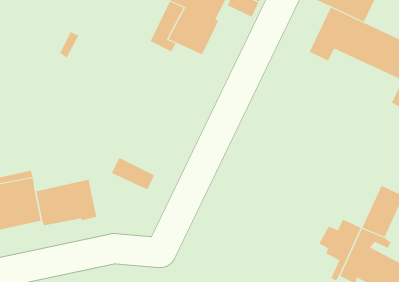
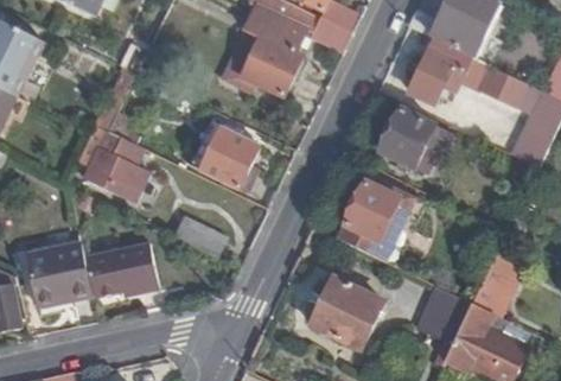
building: none -> [380,109,453,167]
building: none -> [82,126,146,202]
building: none -> [198,128,259,191]
building: none -> [338,183,426,266]
building: none -> [311,275,382,347]

